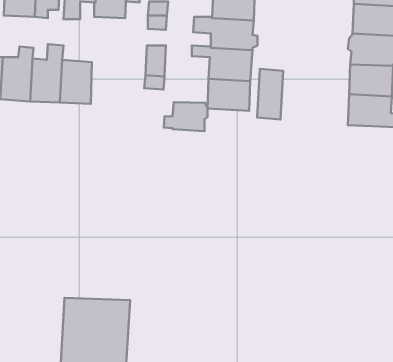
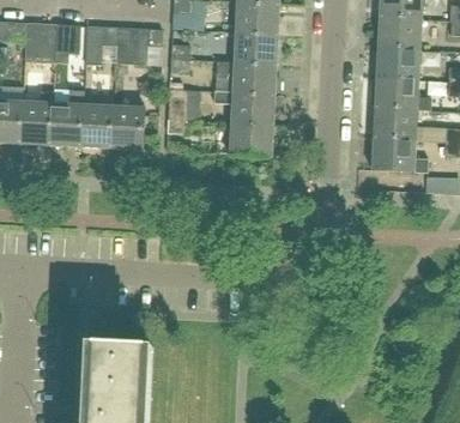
building: none -> [111,105,144,149]
building: [257,69,283,119] -> none
building: [164,102,207,131] -> none

